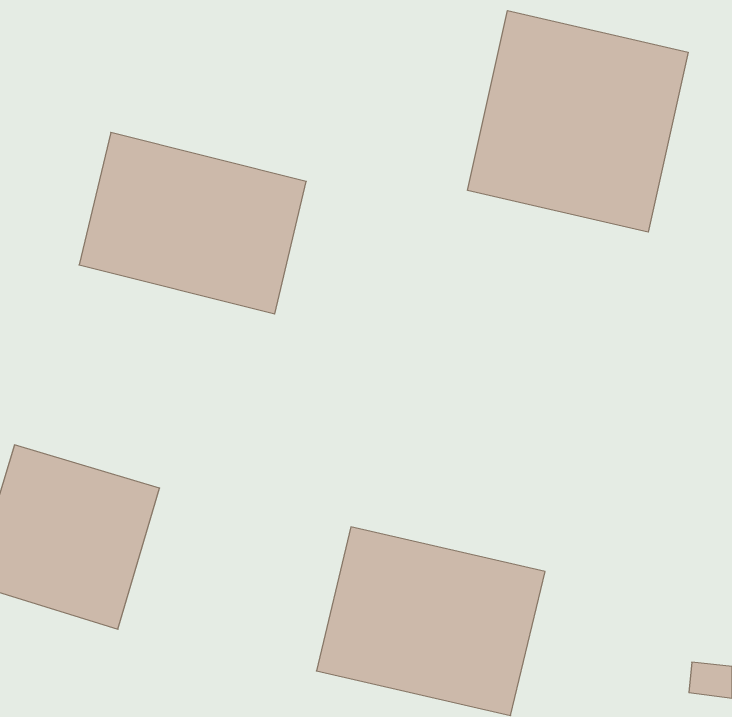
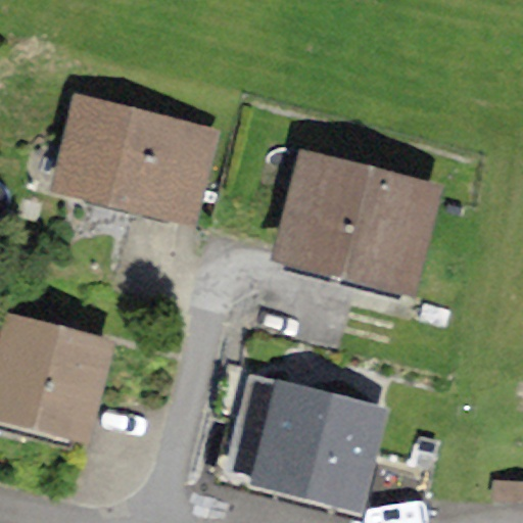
building: [468,11,688,232] -> none
building: none -> [274,153,441,294]

